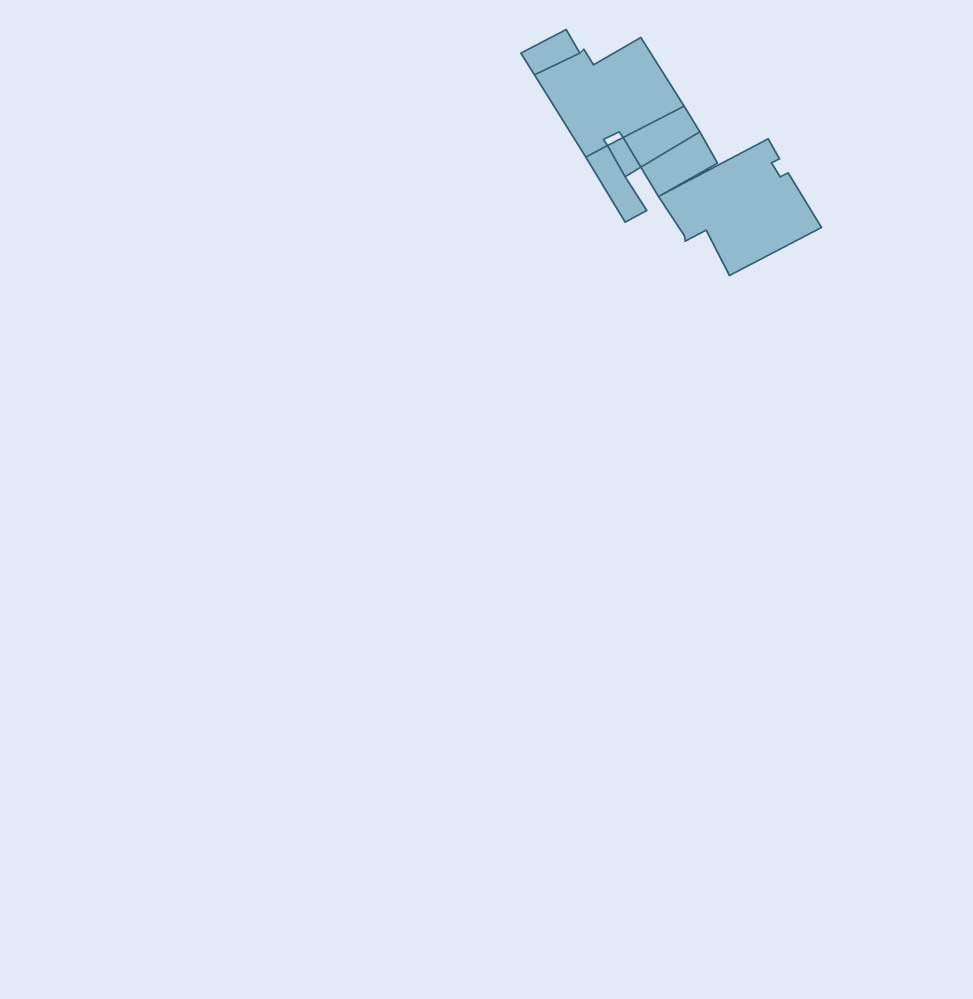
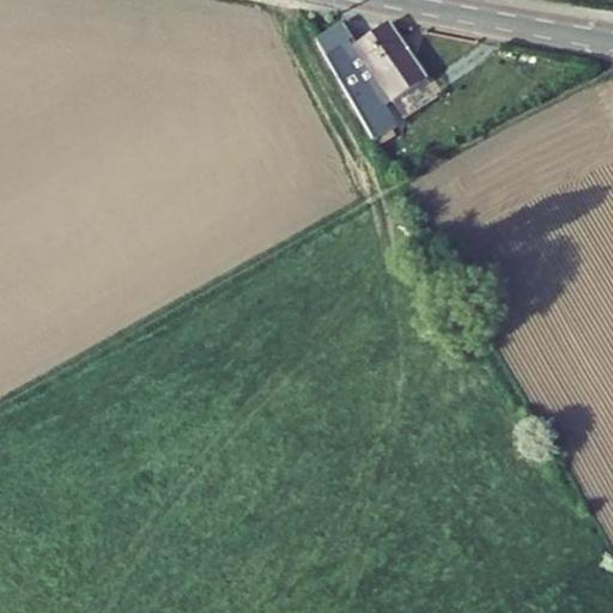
building: [659,139,821,276] -> none

